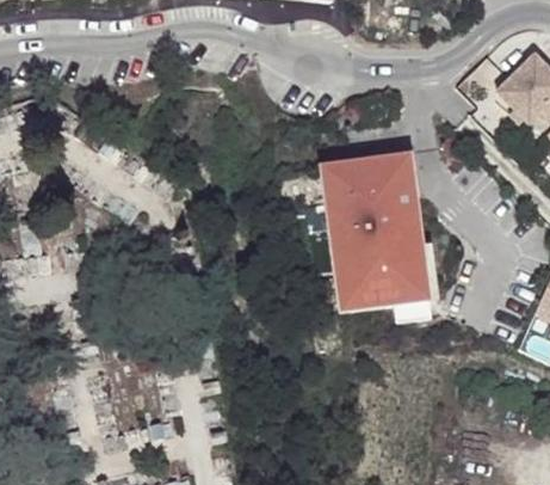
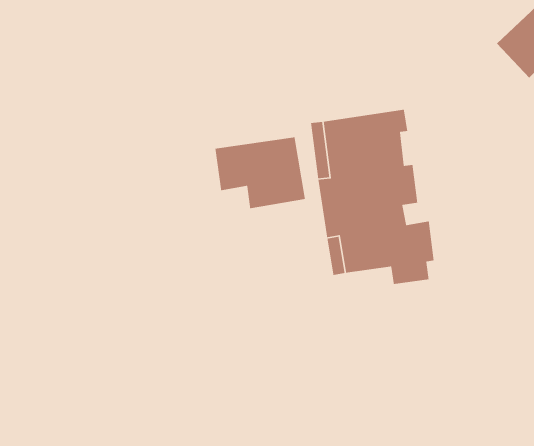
building: none -> [215,136,306,209]

